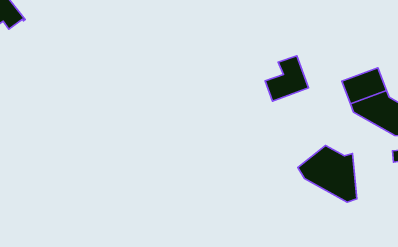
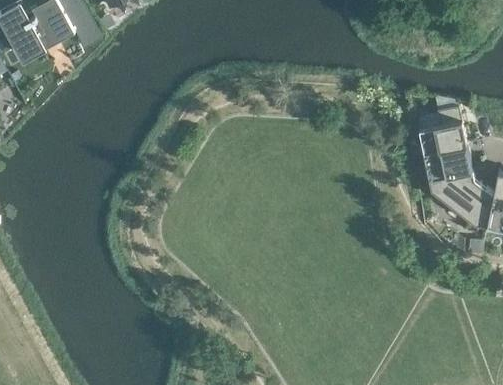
building: [265,56,309,101] -> [417,108,465,155]
building: [298,145,357,202] -> none

